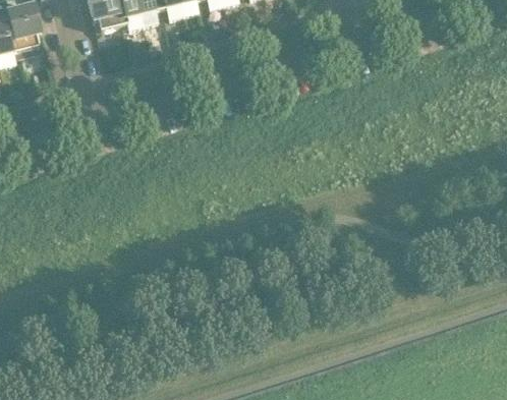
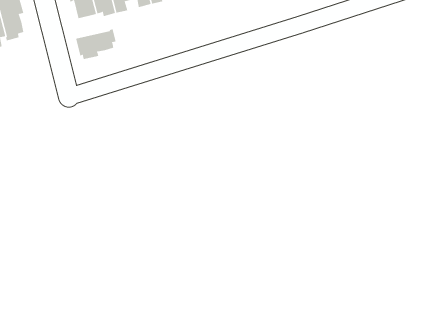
building: none -> [76,28,116,60]

